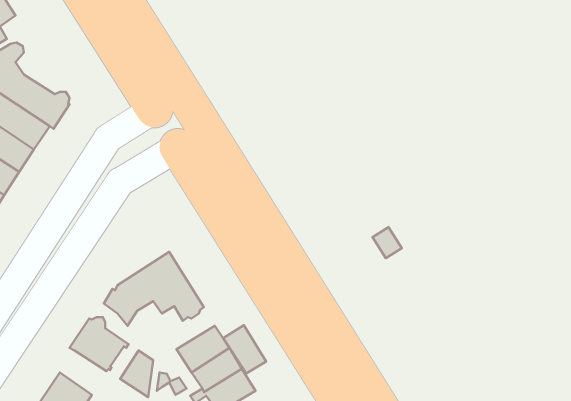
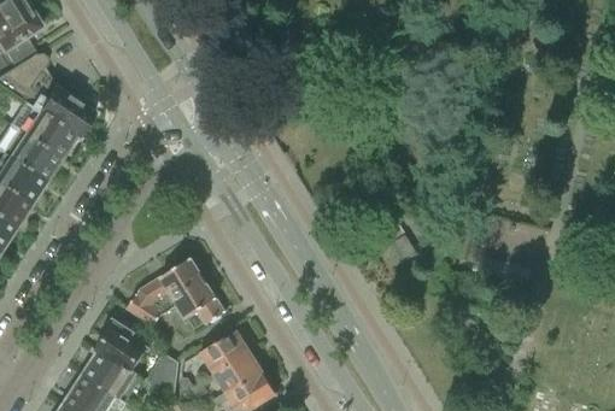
building: [223,325,266,374] -> none
building: none -> [83,354,129,398]

